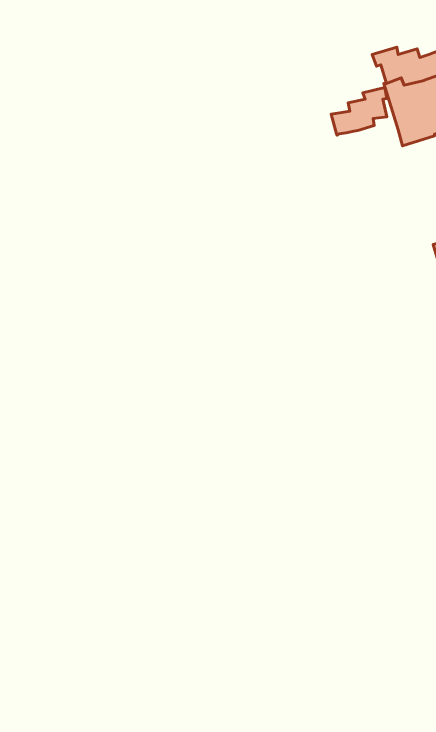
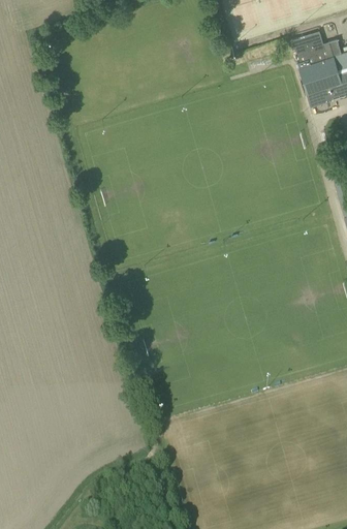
building: [331,87,387,135] -> none

